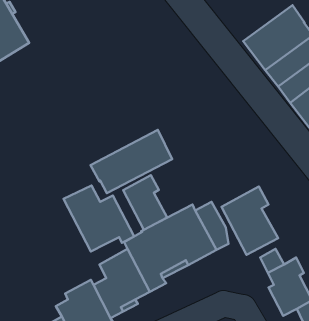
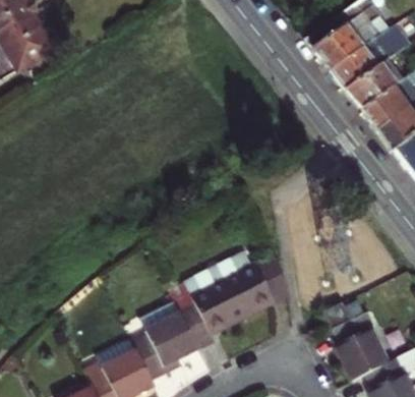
building: [91,130,172,193] -> none
building: [123,175,167,230] -> none
building: [64,185,134,251] -> none
building: [221,187,278,255] -> none

